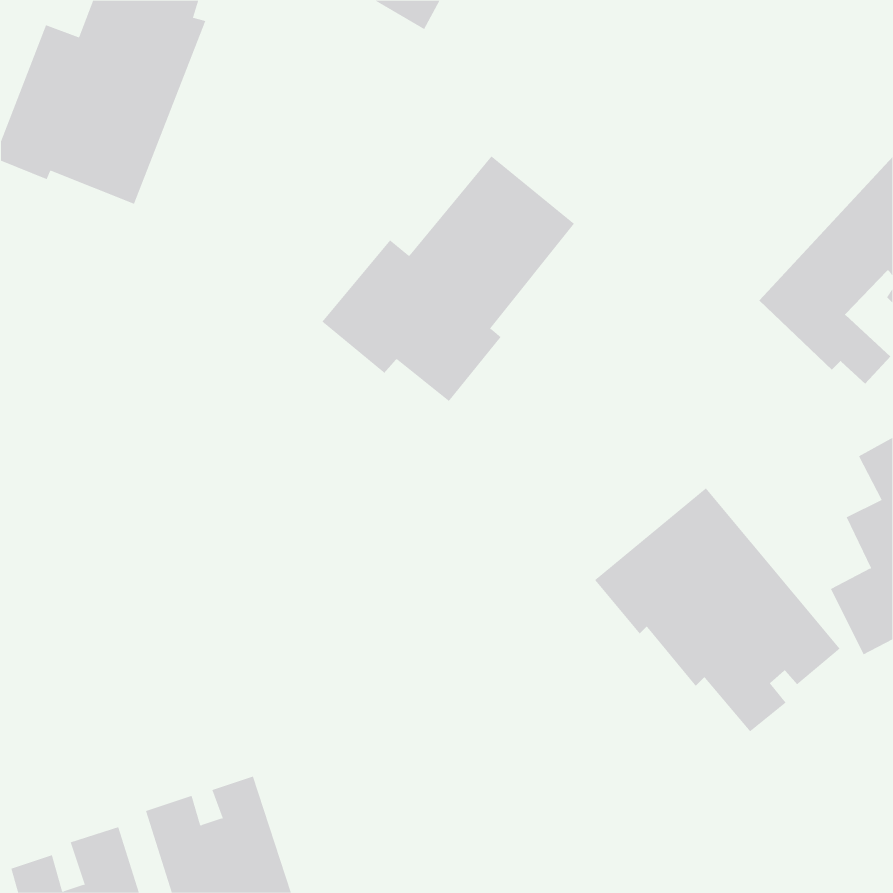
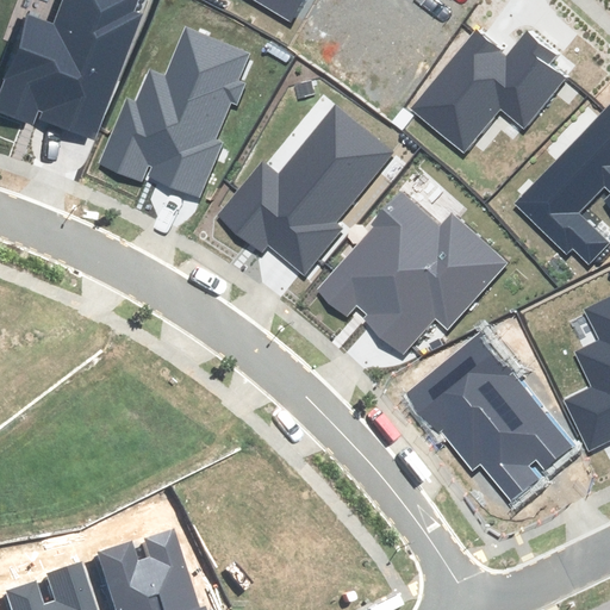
building: none -> [101,29,249,195]
building: none -> [413,31,565,150]
building: none -> [320,192,505,351]

